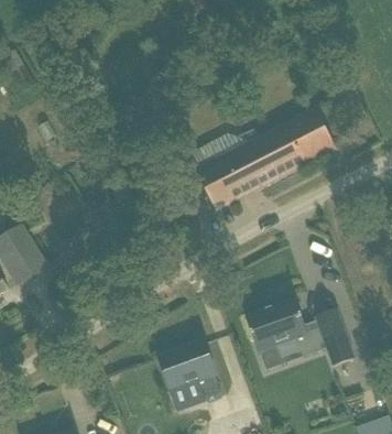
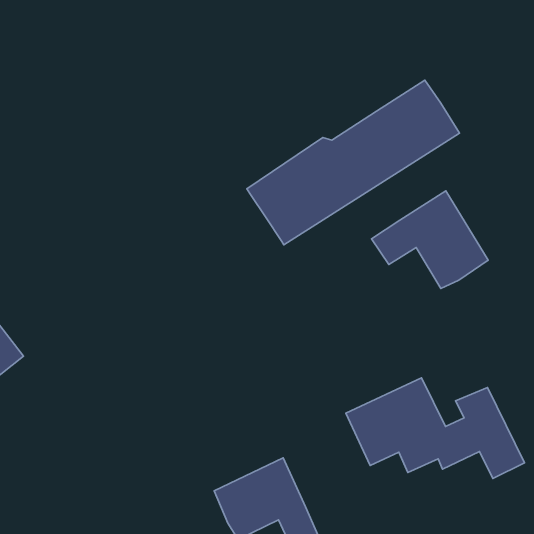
building: none -> [371,191,488,288]

